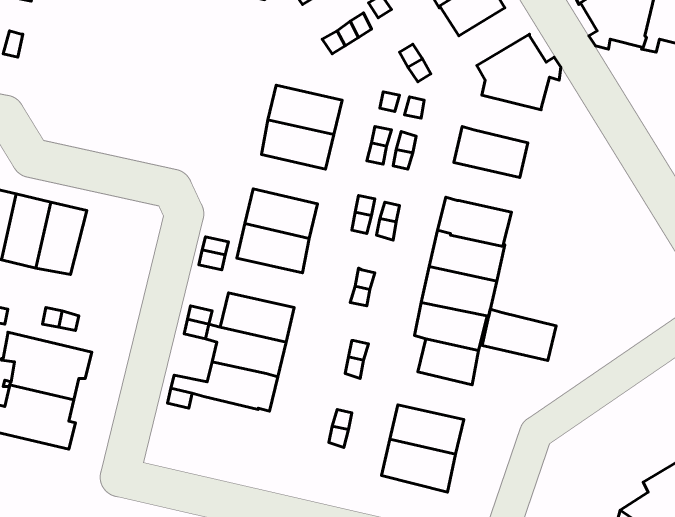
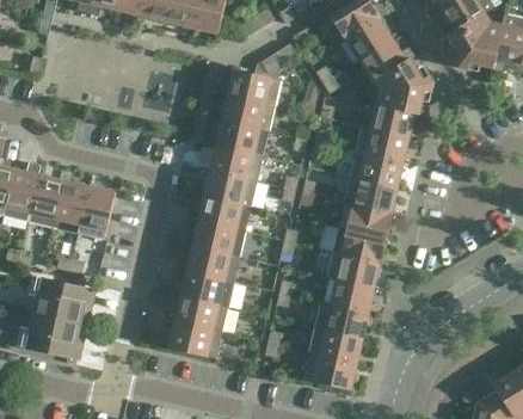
building: none -> [359,38,414,80]
building: none -> [227,67,281,105]
building: none -> [370,101,424,136]
building: none -> [210,144,263,180]
building: none -> [350,150,404,186]
building: none -> [78,185,116,239]
building: none -> [192,220,246,255]
building: [482,309,556,360] -> [315,300,369,337]
building: none -> [168,320,222,357]

